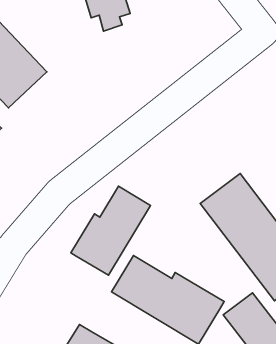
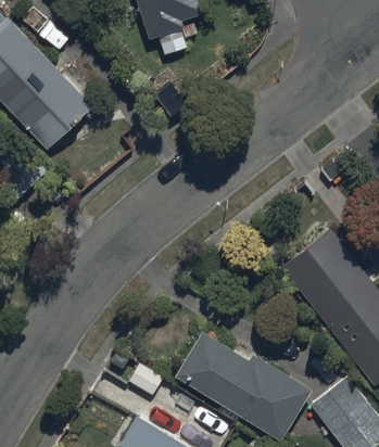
building: [71,186,151,275] -> none

